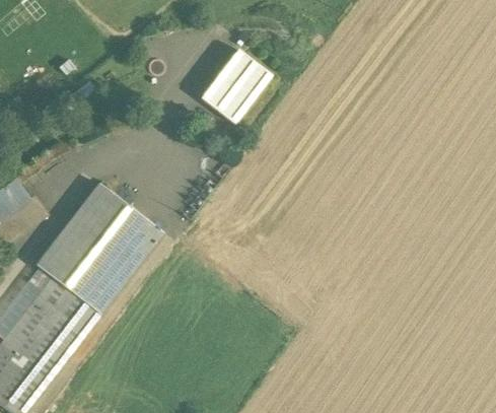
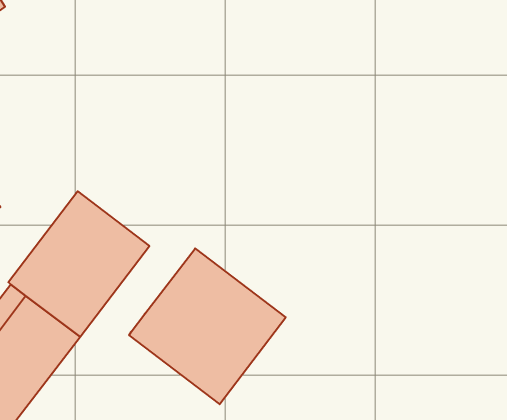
building: [200,49,271,124] -> none
building: none -> [129,248,286,404]

